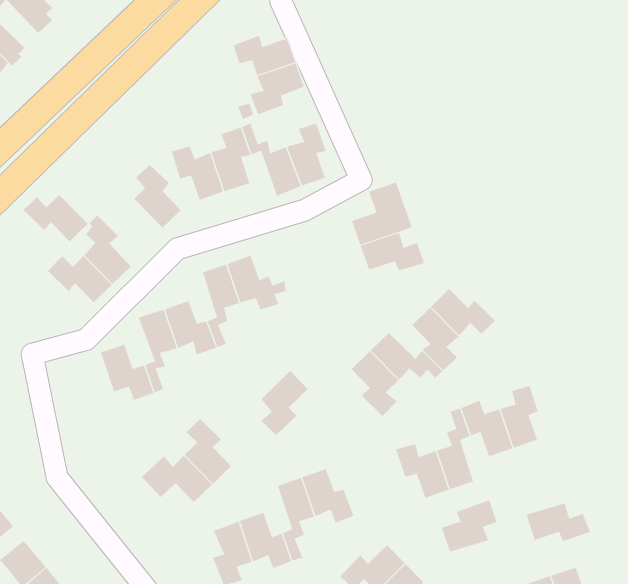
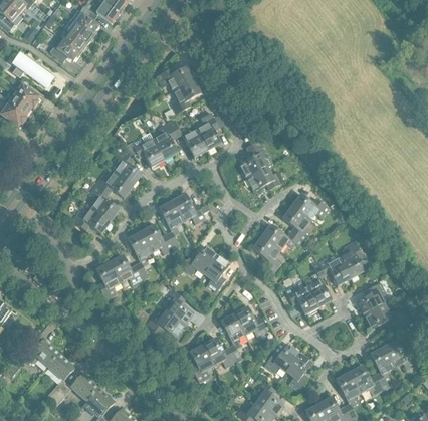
building: [23,194,88,242] -> [94,172,133,198]
building: none -> [181,245,217,274]
building: none -> [95,261,120,299]
building: [441,500,497,552] -> [356,281,387,314]

